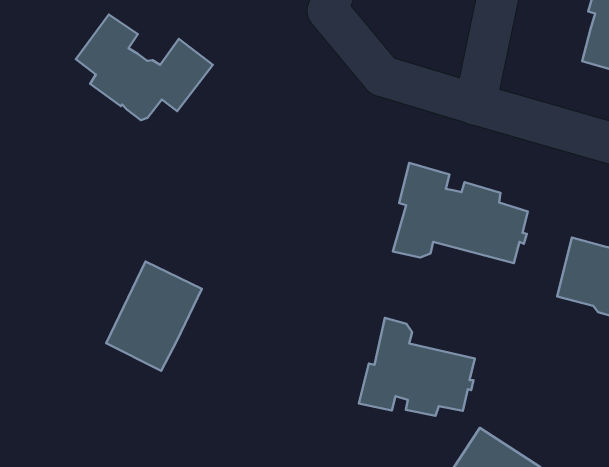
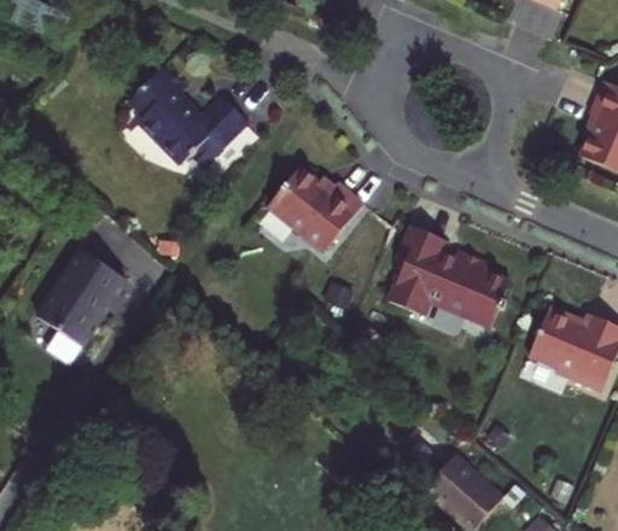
building: none -> [256,159,350,247]
building: [106,262,202,371] -> [49,250,139,346]
building: [359,318,475,416] -> none

